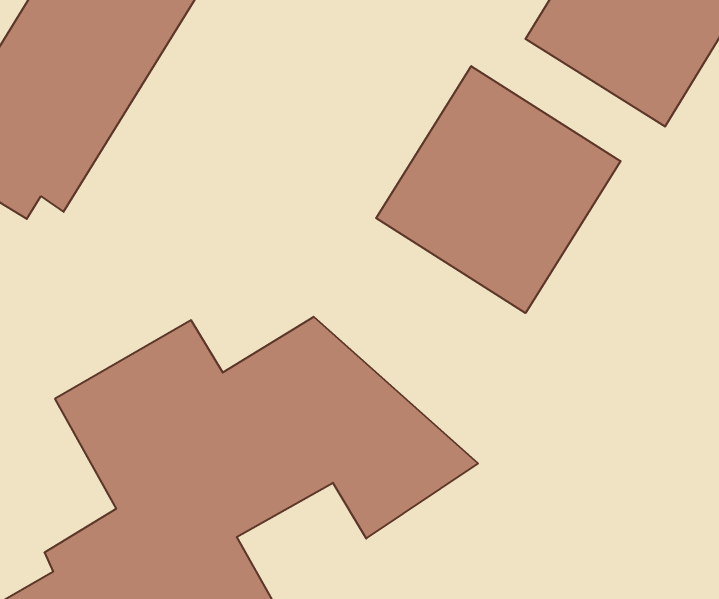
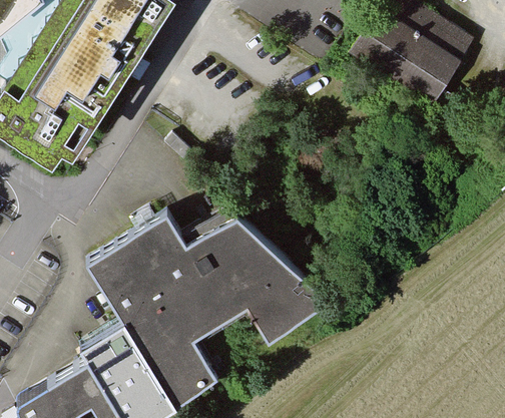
building: [376,66,621,313] -> none

